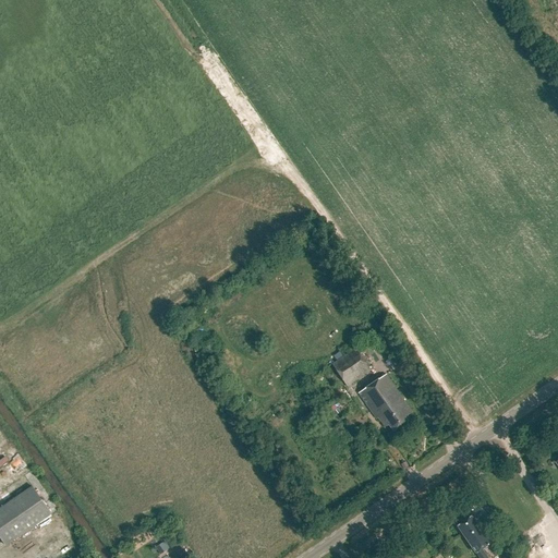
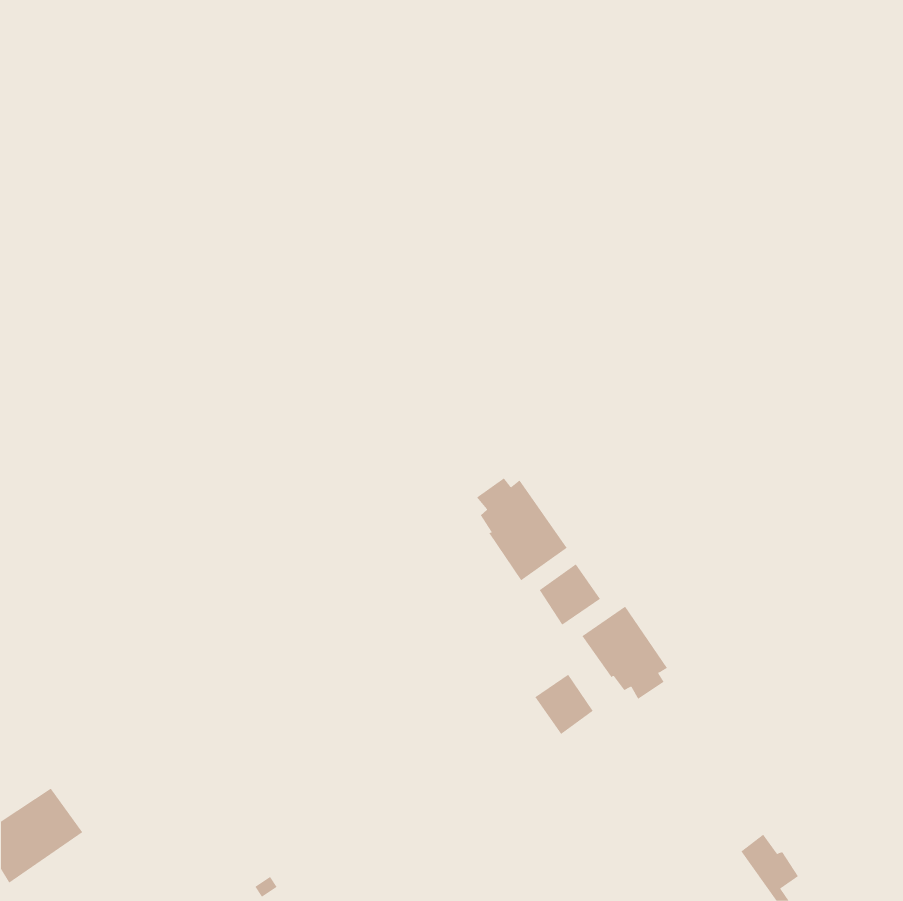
building: none -> [476,477,567,581]
building: none -> [534,674,593,735]

